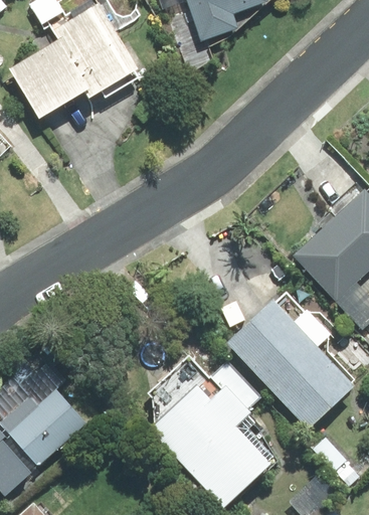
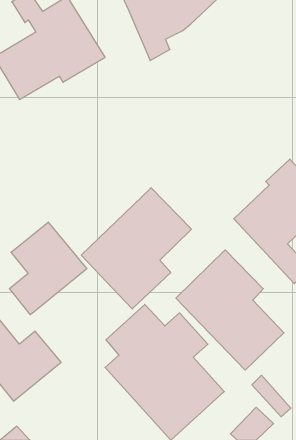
building: none -> [81,188,191,309]
building: none -> [10,222,87,315]

